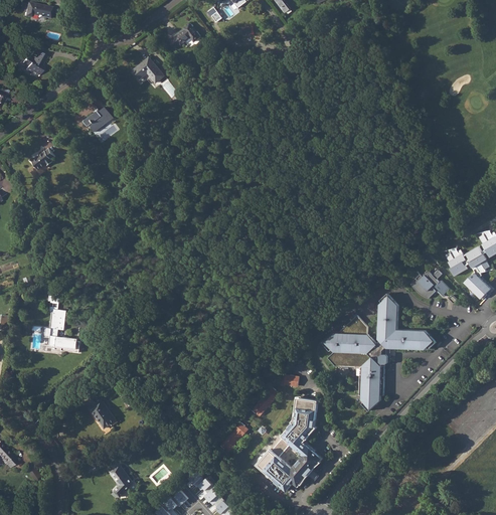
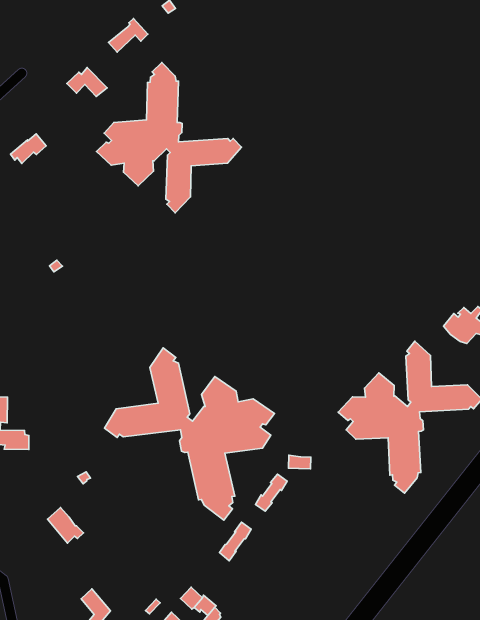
building: none -> [97,62,242,213]
building: none -> [105,348,274,520]
building: [257,397,321,490] -> none

